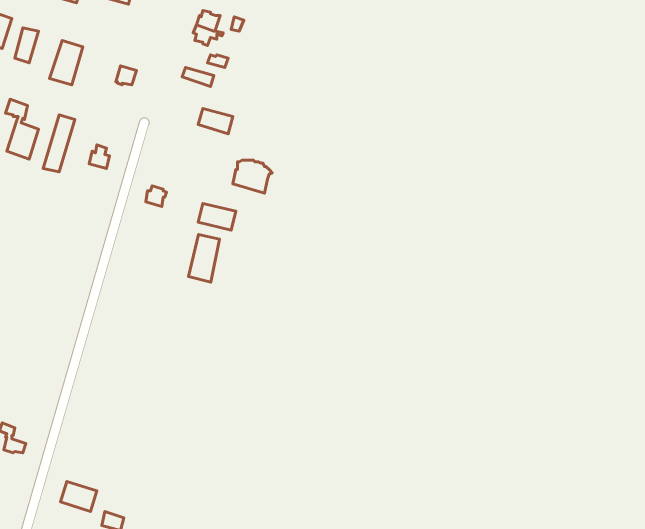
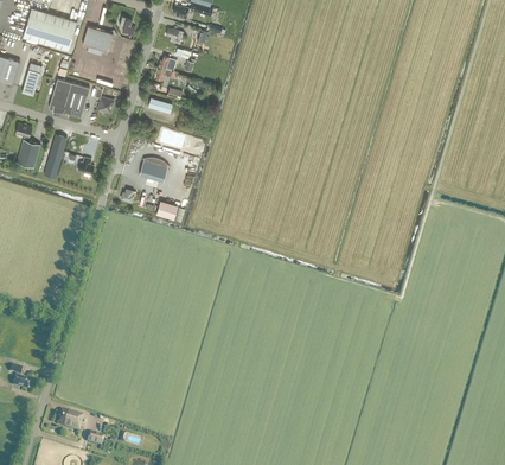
building: none -> [64,83,89,116]
building: [233,160,272,193] -> [139,157,168,181]
building: [188,234,219,282] -> none

